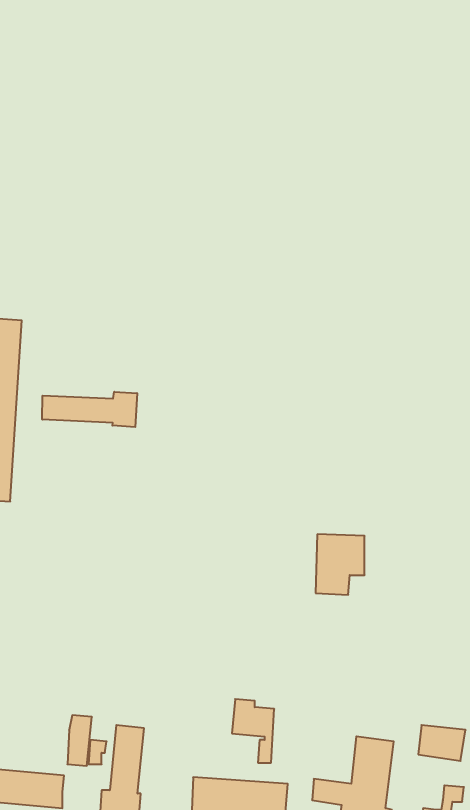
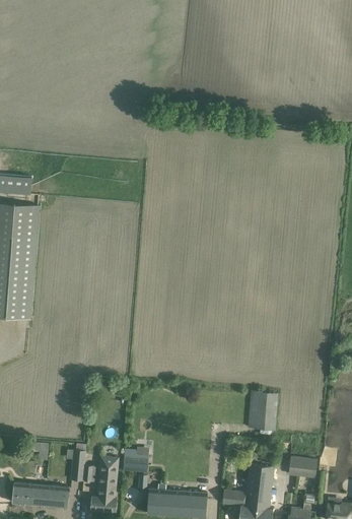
building: [42,392,137,427] -> none
building: [316,534,365,595] -> [250,391,280,429]
building: [232,699,274,763] -> [122,450,148,490]

